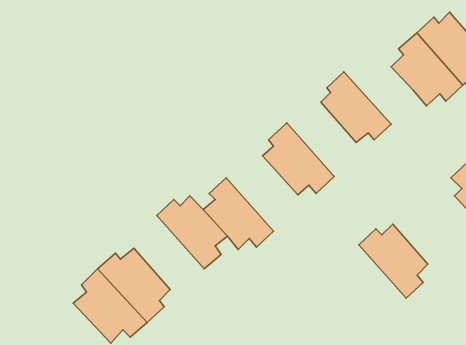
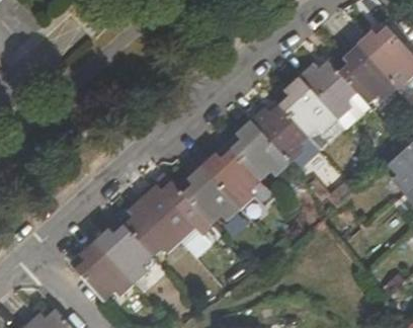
building: none -> [299,60,356,120]
building: none -> [200,147,260,210]
building: none -> [123,196,182,258]
building: [359,224,428,298] -> [251,102,309,164]

